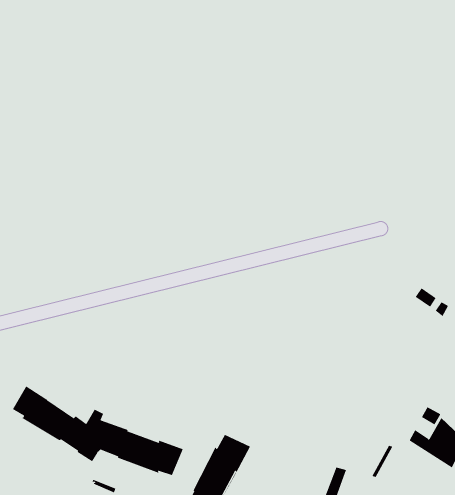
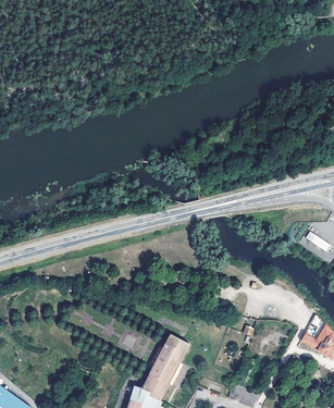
building: [12,386,184,476] -> none

